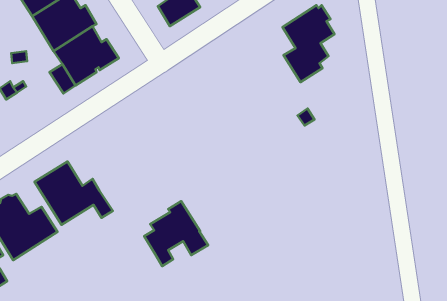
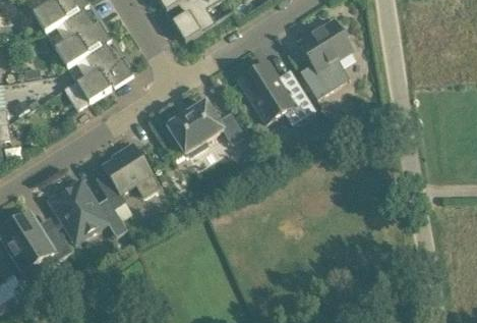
building: none -> [239,61,315,123]
building: none -> [165,100,244,153]
building: [144,201,208,266] -> [96,142,161,208]

